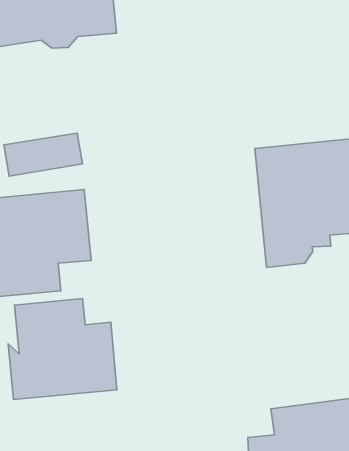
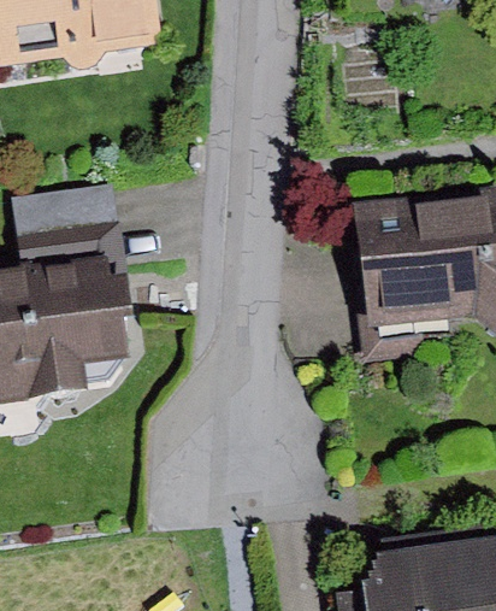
building: [8,298,117,399] -> none

